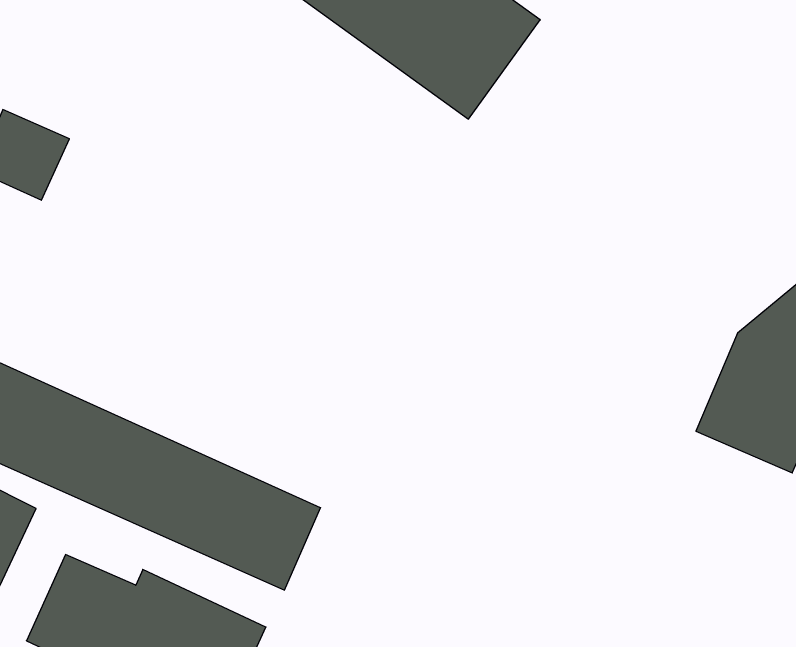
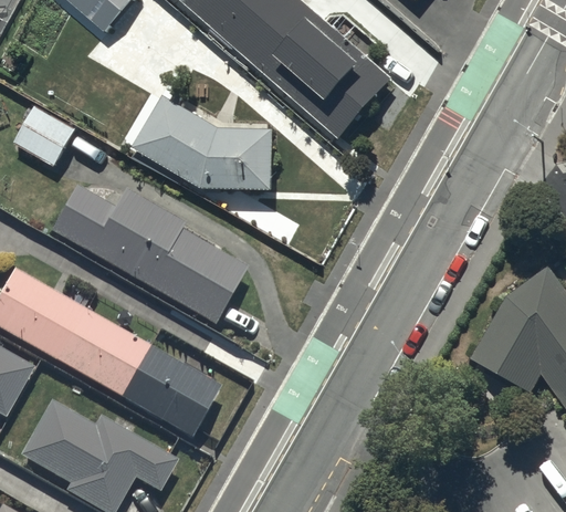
building: none -> [134,93,274,187]
building: none -> [48,184,248,325]

